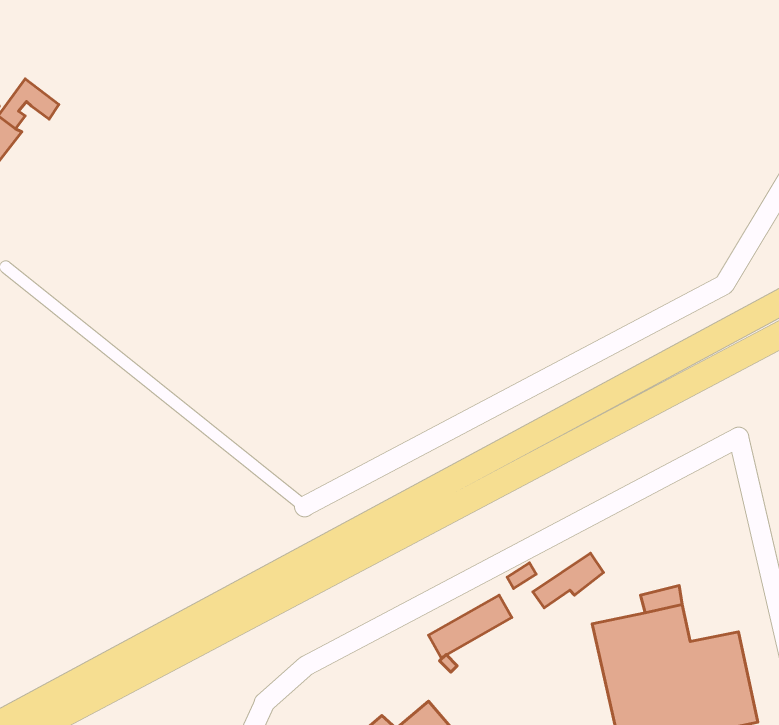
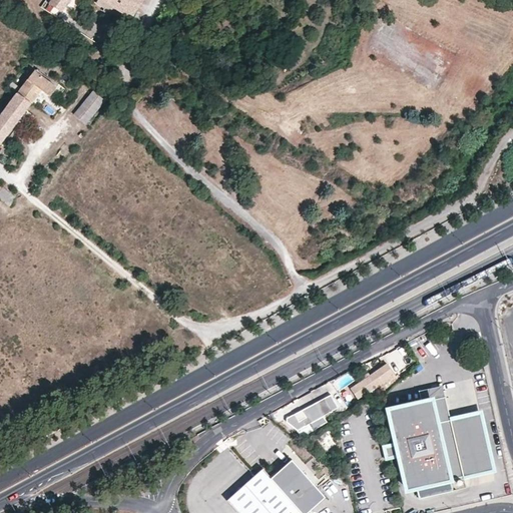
building: none -> [75,89,106,122]

